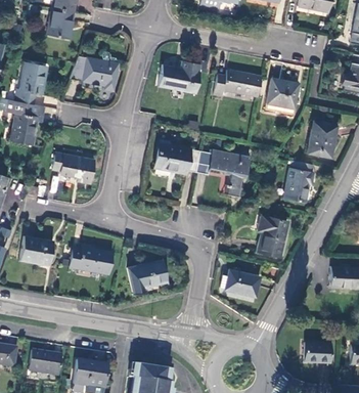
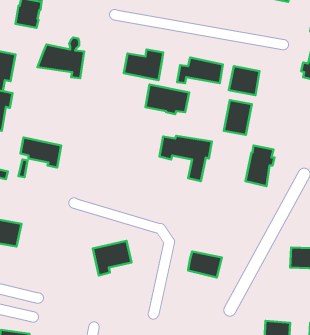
building: [308,122,336,158] -> [224,100,252,135]
building: [154,143,199,174] -> [146,84,189,114]
building: [257,216,287,256] -> none
building: [70,247,113,274] -> none

